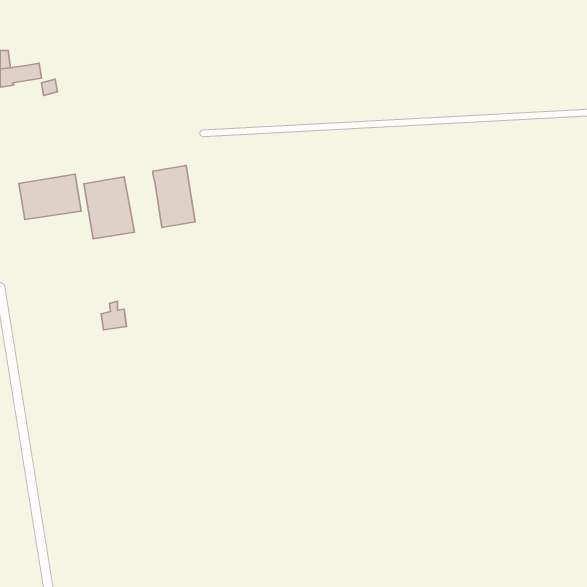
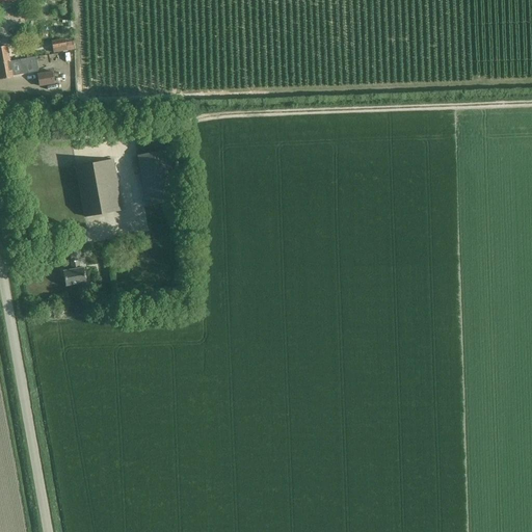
building: [19,174,81,220] -> none
building: [101,301,127,330] -> [62,259,85,285]

